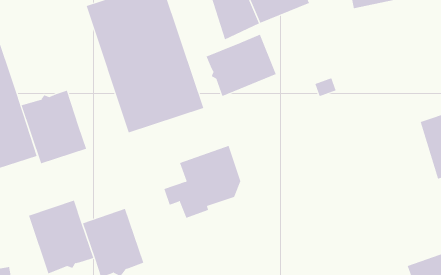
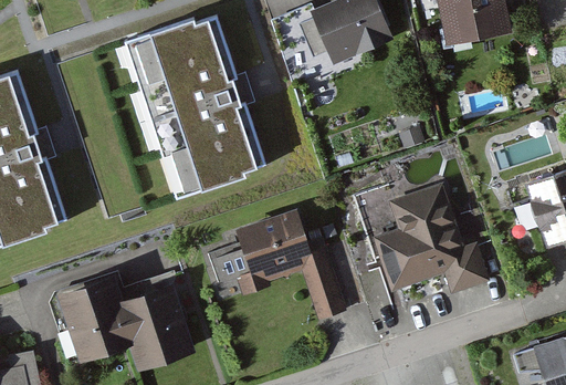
building: [206,34,277,97] -> none
building: [21,90,87,164] -> none
building: none -> [352,185,484,294]
building: none -> [303,247,343,318]

